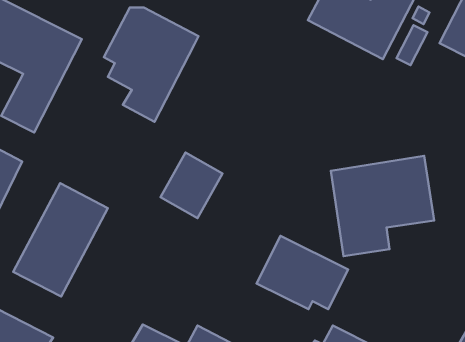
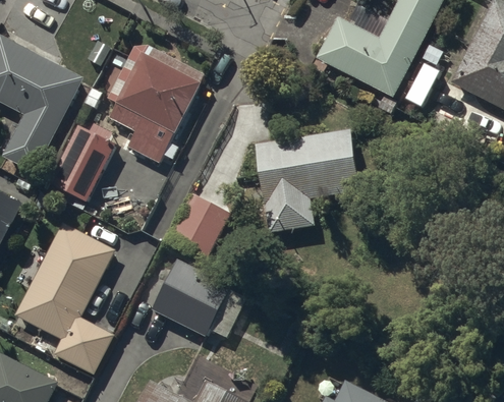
building: none -> [50,128,113,203]
building: [331,156,434,256] -> [257,129,362,232]
building: [257,236,348,309] -> [151,261,244,336]
building: none -> [60,317,115,374]

